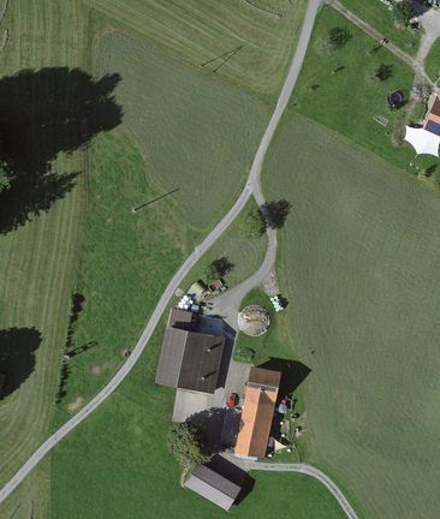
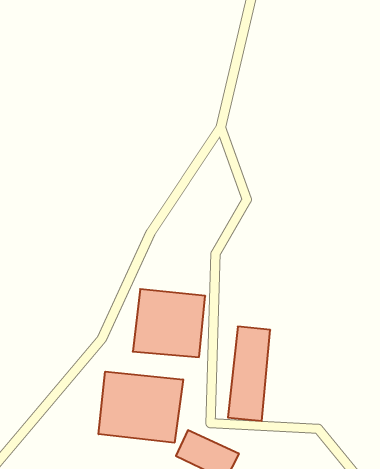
building: none -> [99,372,183,443]

